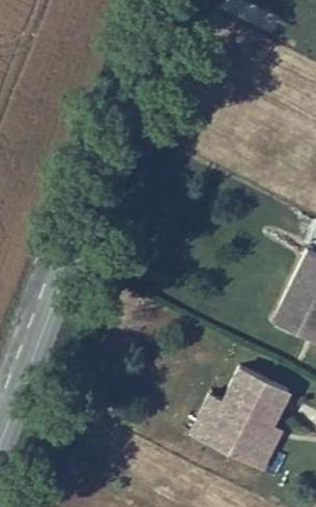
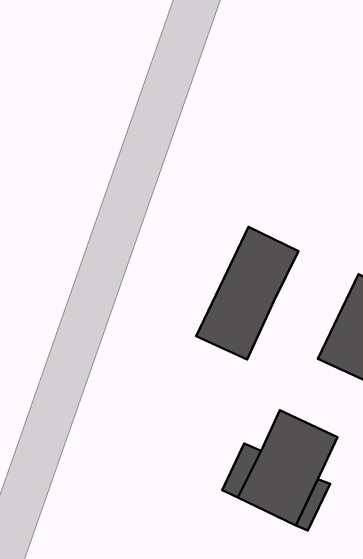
building: none -> [196,227,299,359]

